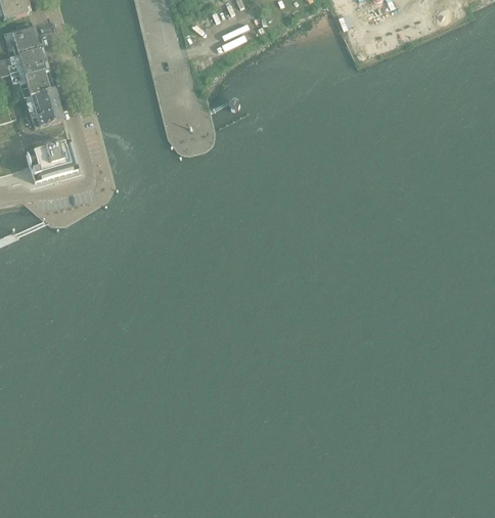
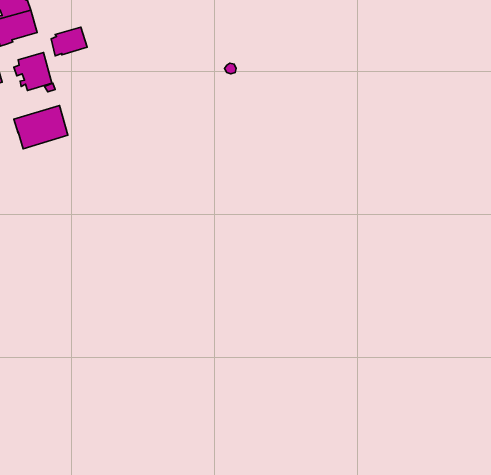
building: [18,69,53,96] -> [51,27,87,56]

